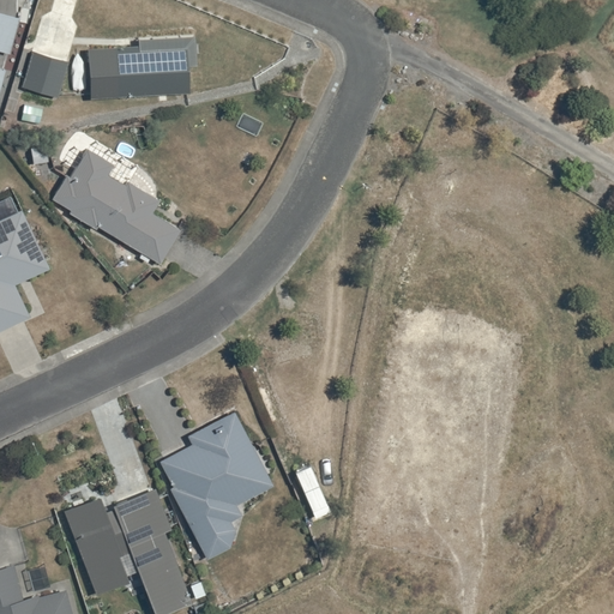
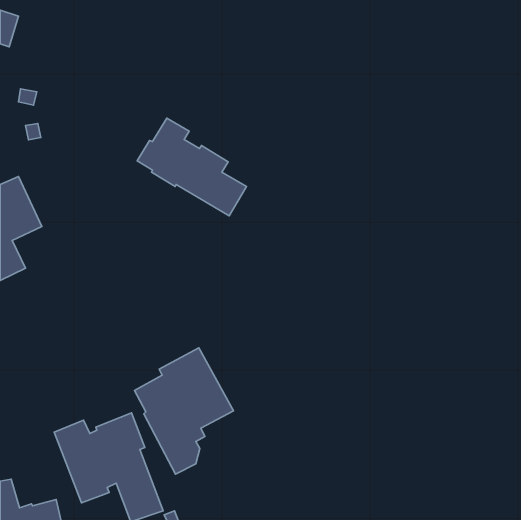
building: [86,36,197,100] -> none
building: [22,52,68,98] -> none
building: [52,150,180,265] -> [137,118,246,216]

